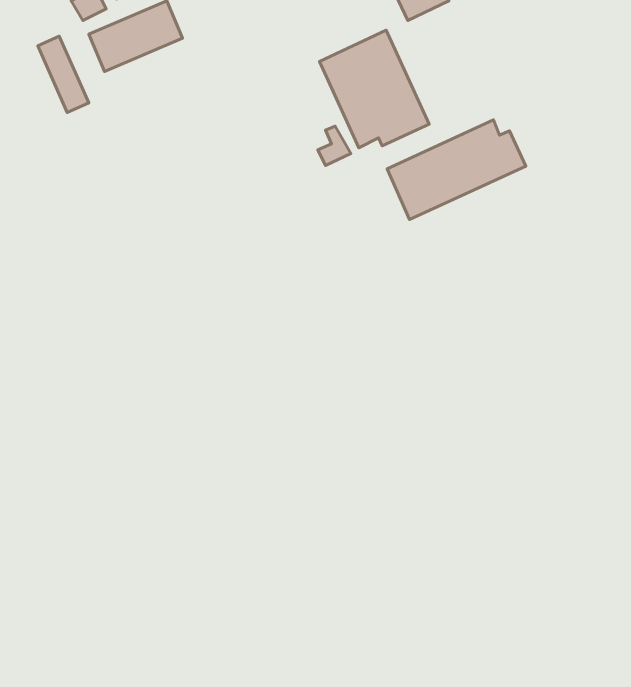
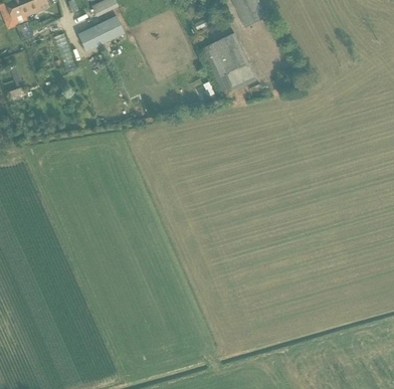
building: [387,120,526,220] -> none

